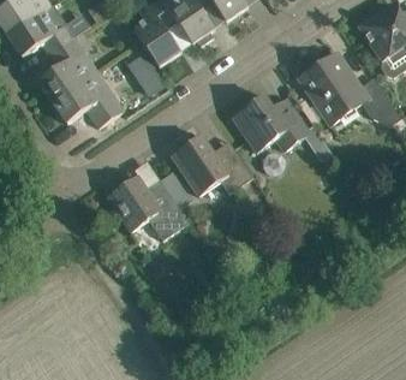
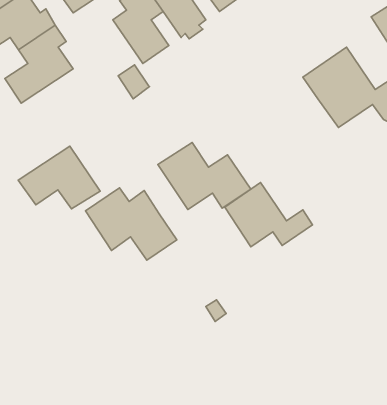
building: [50,71,123,126] -> [18,146,100,209]
building: [232,95,309,152] -> [225,182,312,247]

